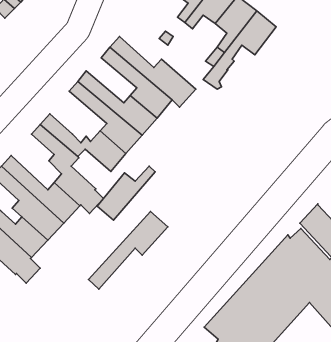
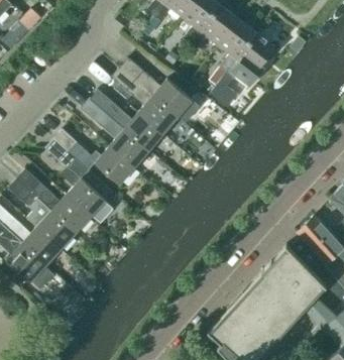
building: [97,166,155,220] -> none
building: [88,211,168,289] -> none

